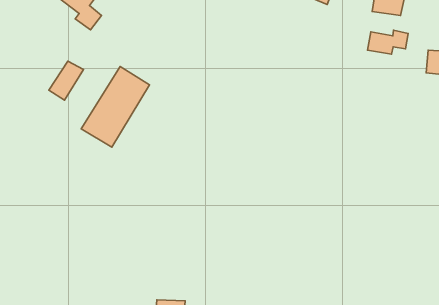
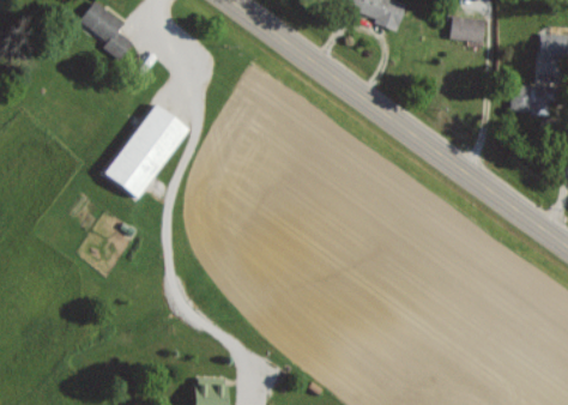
building: [367,30,408,54] -> none
building: [49,61,84,100] -> none

